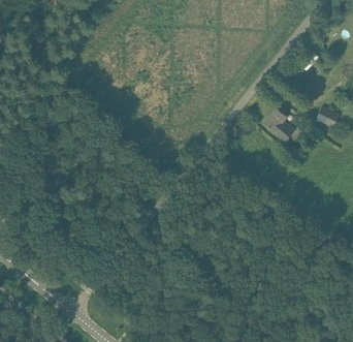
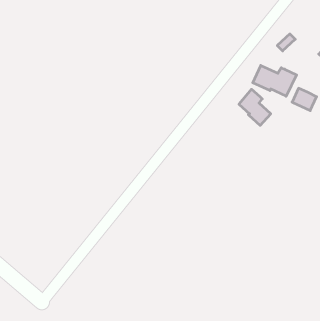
building: none -> [253,65,297,96]

